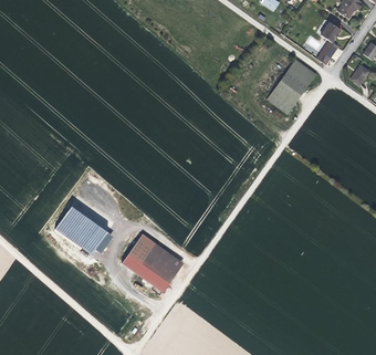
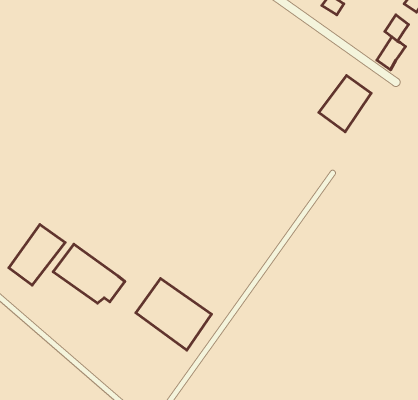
building: none -> [9,224,65,285]

